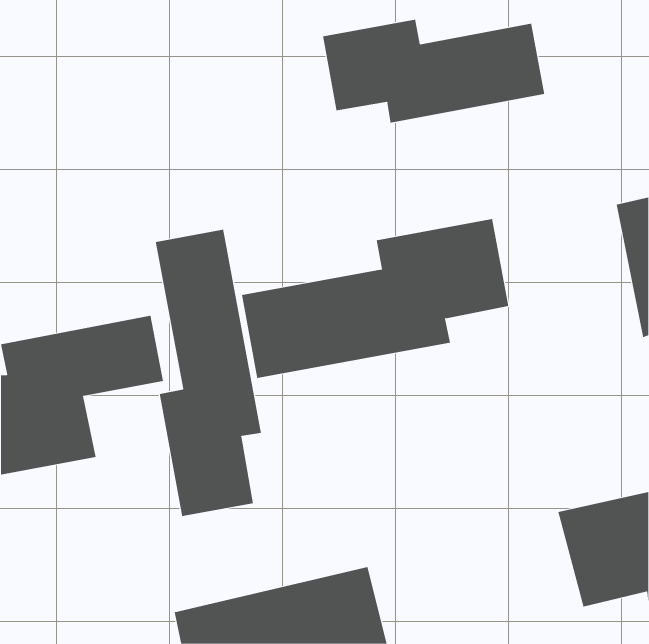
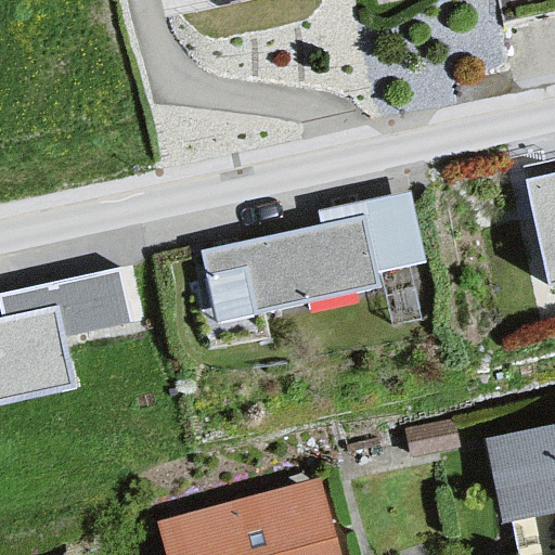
building: [322,19,545,123] -> none
building: [155,229,262,517] -> none

